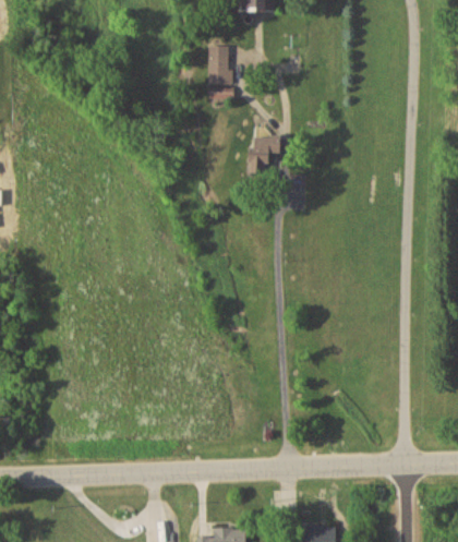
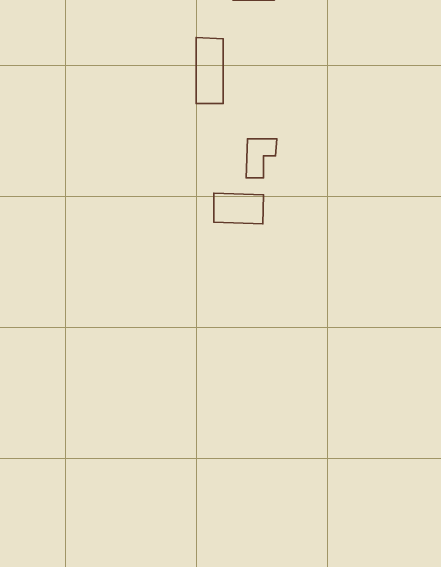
building: none -> [214,193,264,224]

